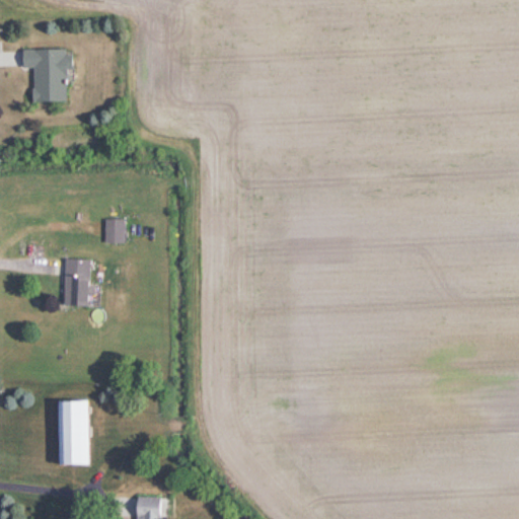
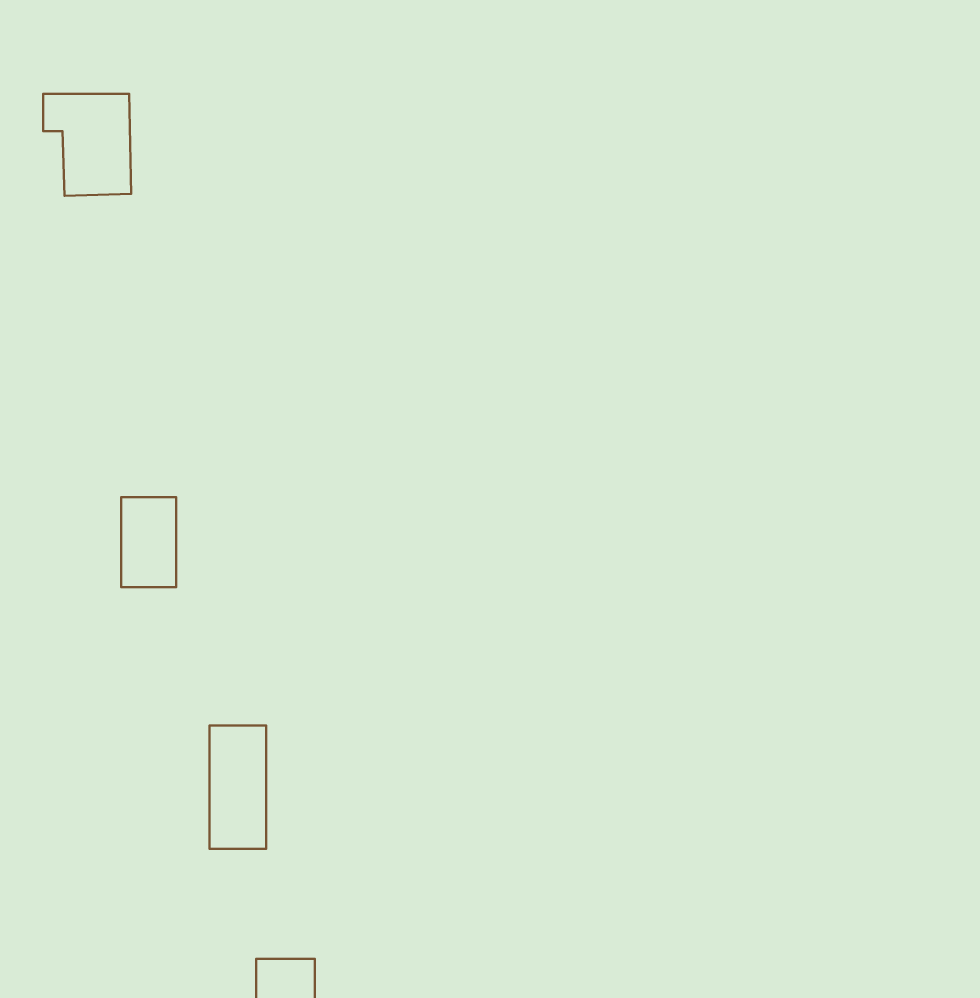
building: [102,219,123,243] -> none
building: [61,401,90,465] -> [209,726,266,849]

